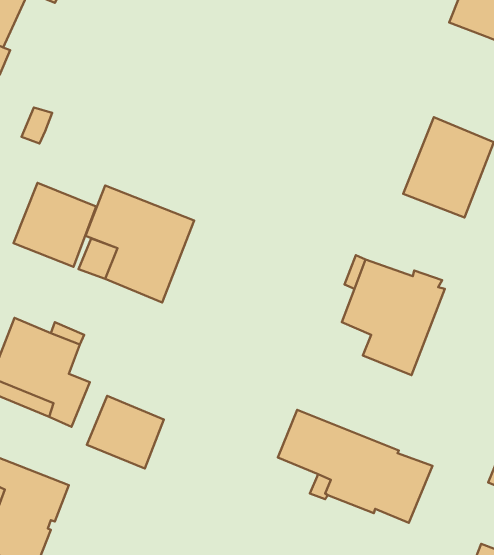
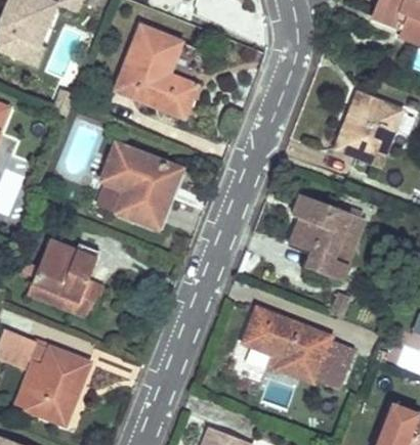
building: none -> [115,25,196,117]
building: [13,183,96,267] -> none
building: [87,396,164,468] -> none

